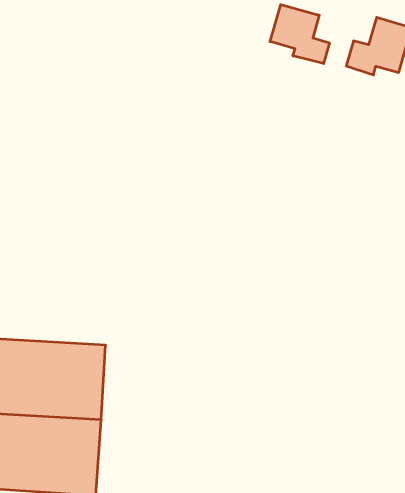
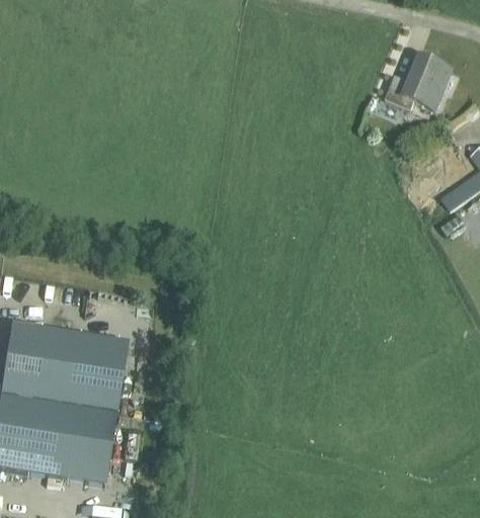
building: [270,5,329,64] -> none

